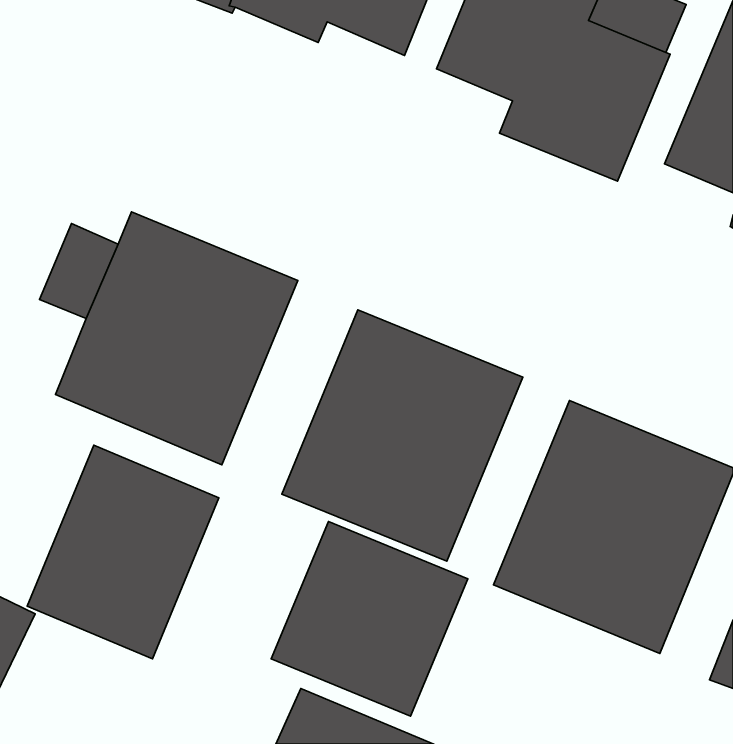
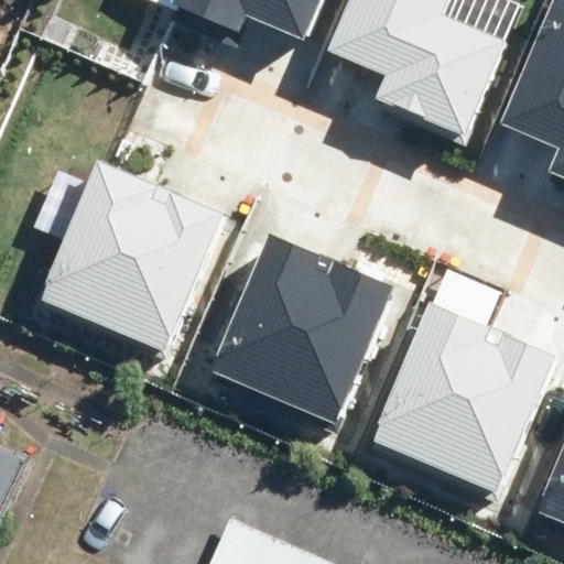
building: [27,445,219,659] -> none
building: [271,521,468,716] -> none

